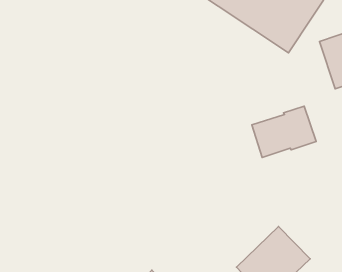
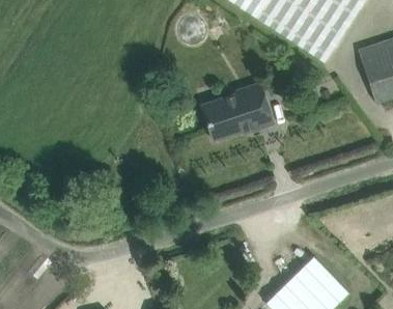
building: [252,106,316,157] -> [202,84,274,141]

